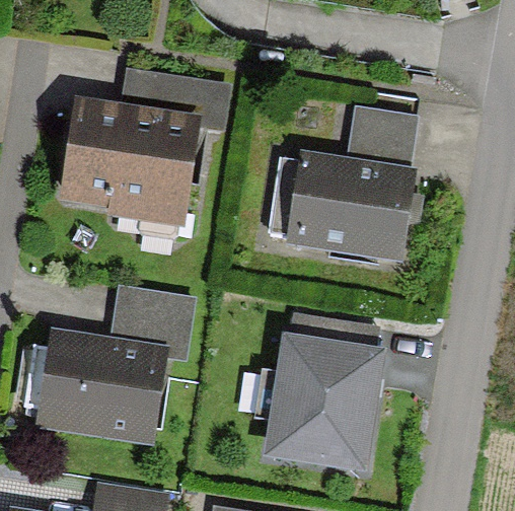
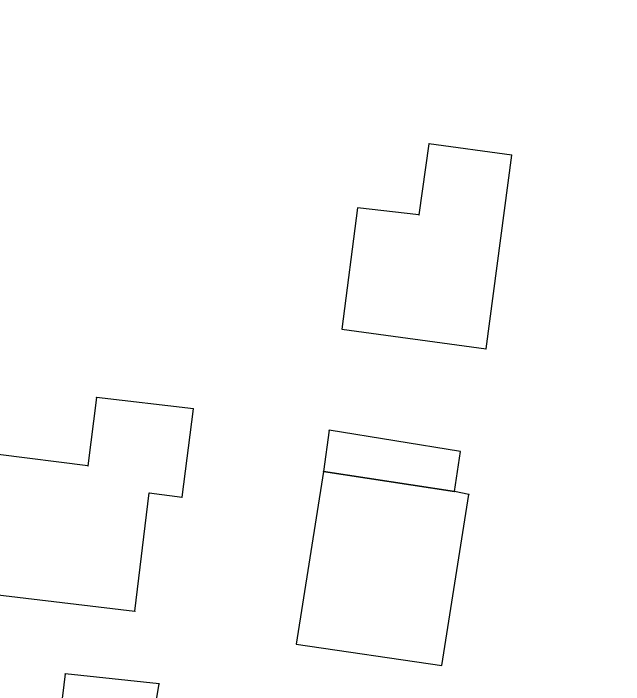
building: [64,73,224,222] -> none

